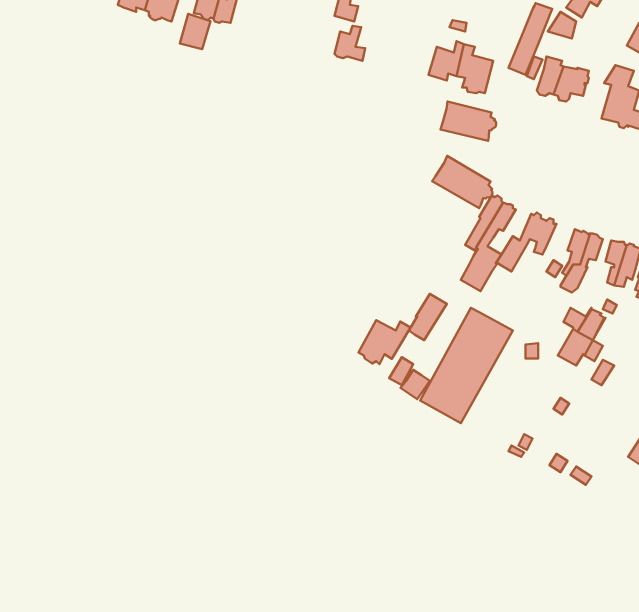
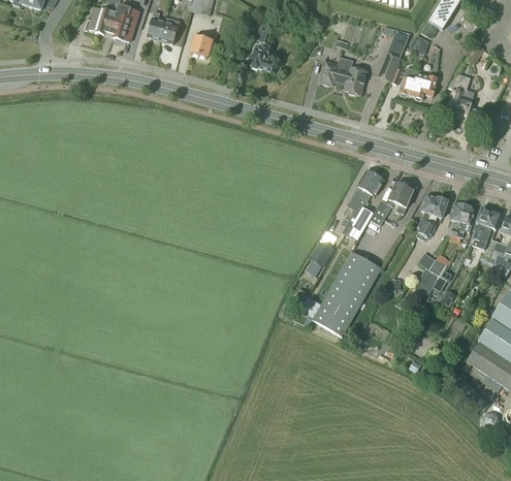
building: [180,14,211,49] -> [190,31,213,57]
building: [441,102,496,141] -> none
building: [432,156,492,208] -> none
building: [358,320,411,364] -> none

